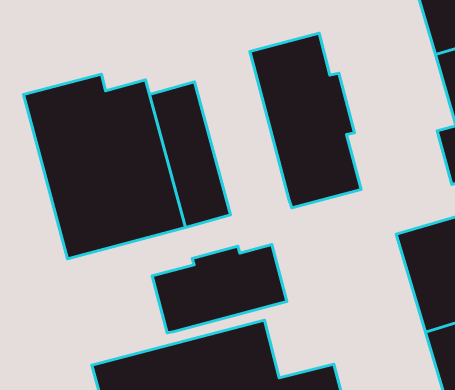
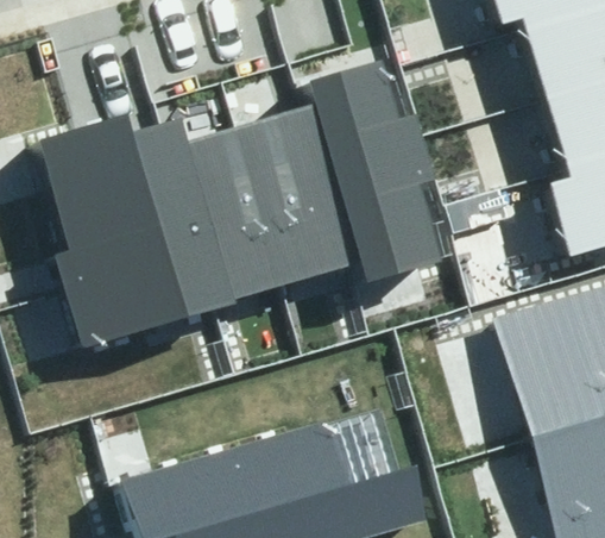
building: none -> [246,105,361,286]
building: [152,245,287,333] -> none

